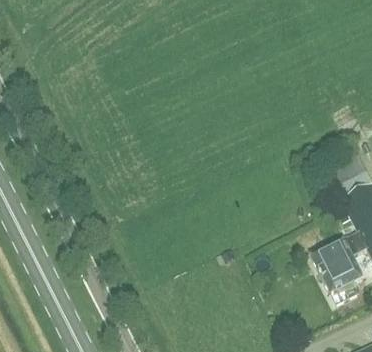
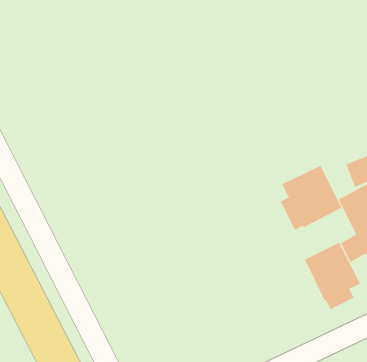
building: none -> [280,165,342,230]

